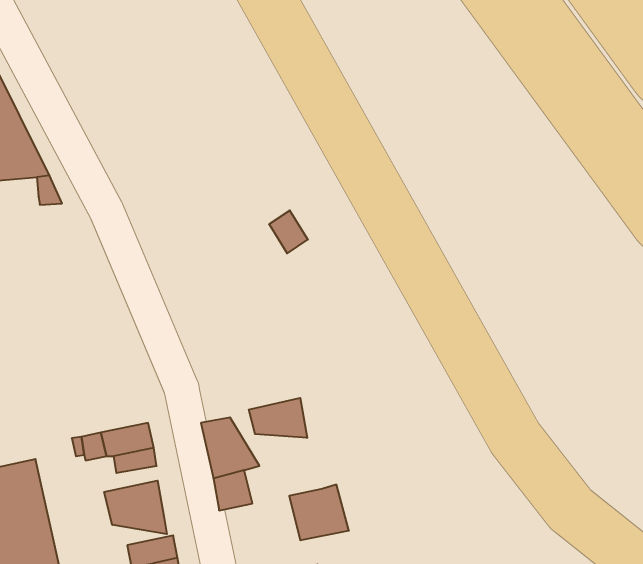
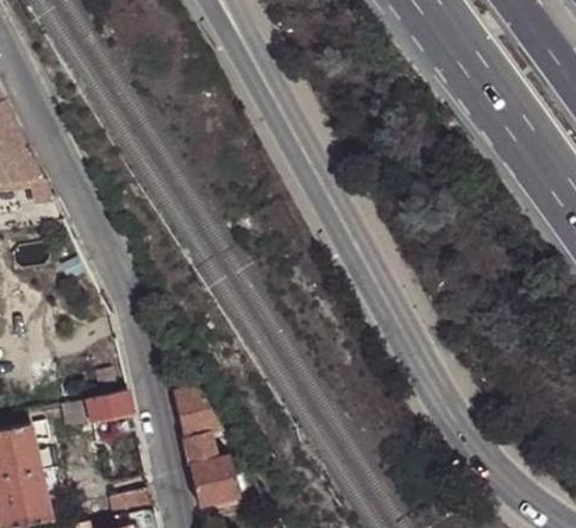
building: [249,398,307,438] -> none
building: [104,481,167,534] -> none
building: [289,485,349,540] -> [188,457,239,504]

